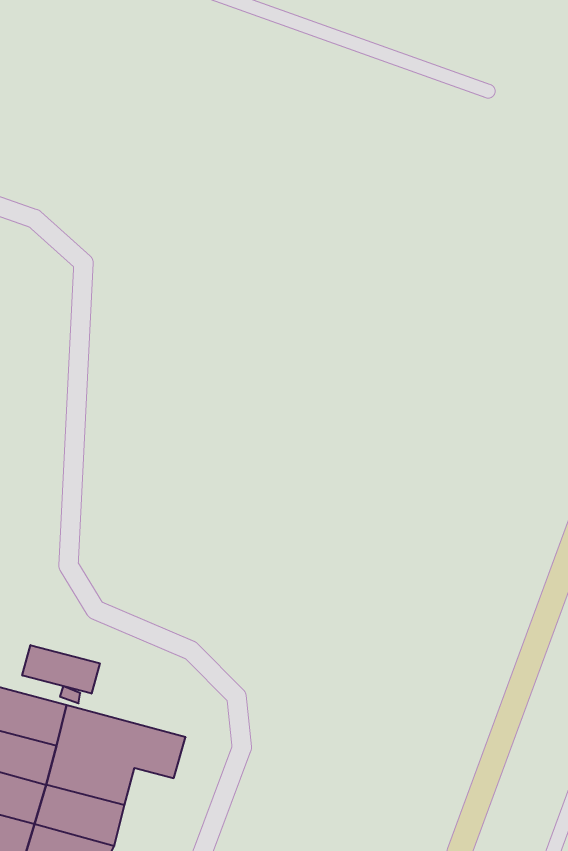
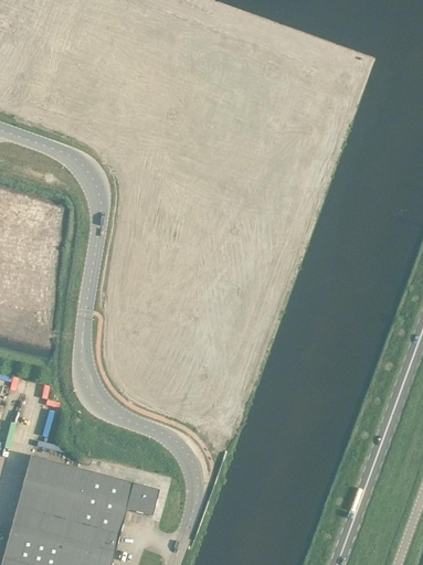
building: [22,645,100,694] -> none

